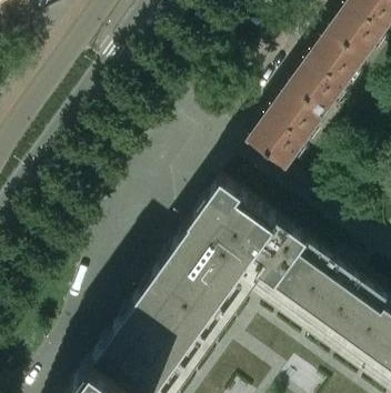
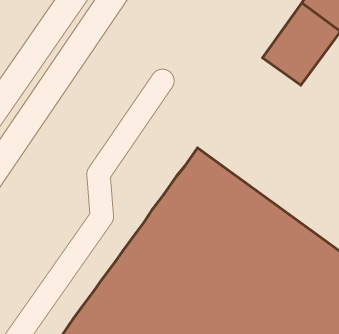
building: [247,88,325,171] -> none

